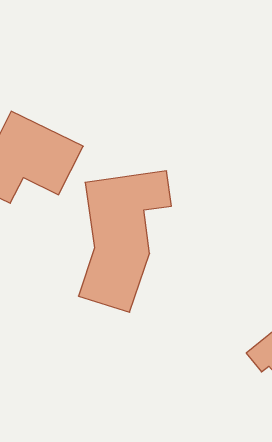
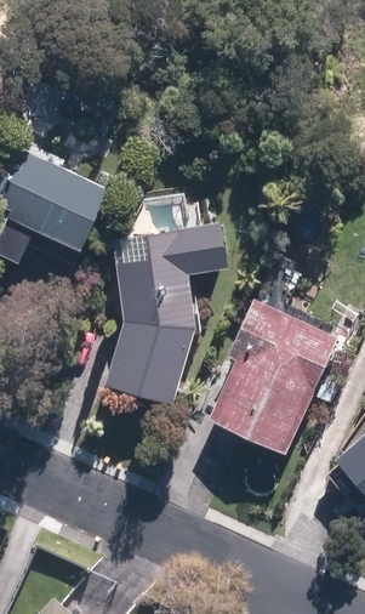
building: none -> [209,301,337,455]

